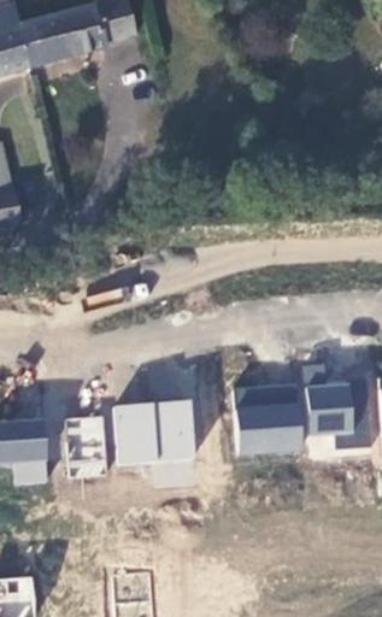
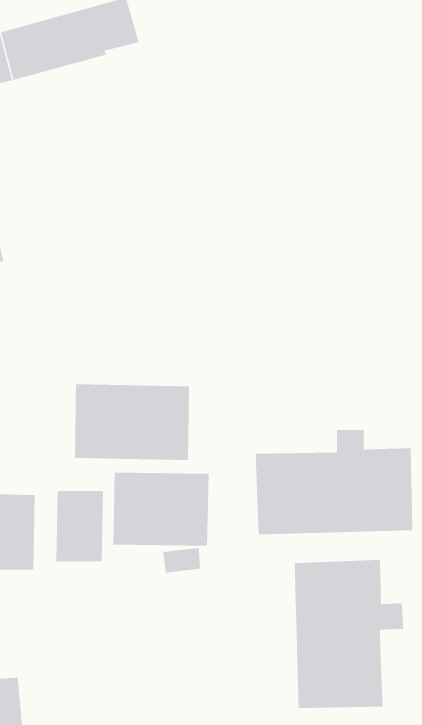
building: none -> [75,384,190,461]
building: none -> [294,559,404,709]

